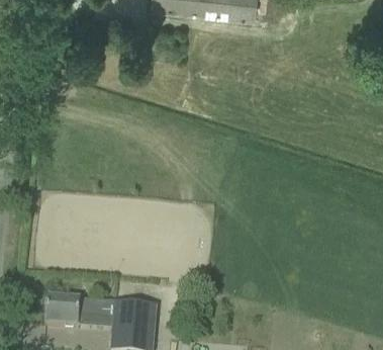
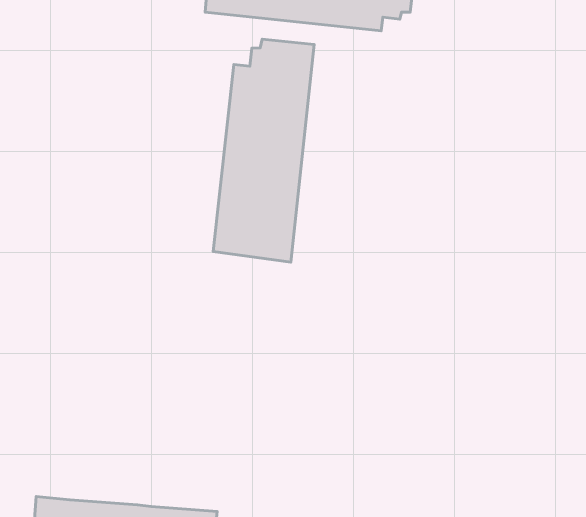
building: none -> [213,39,314,262]

